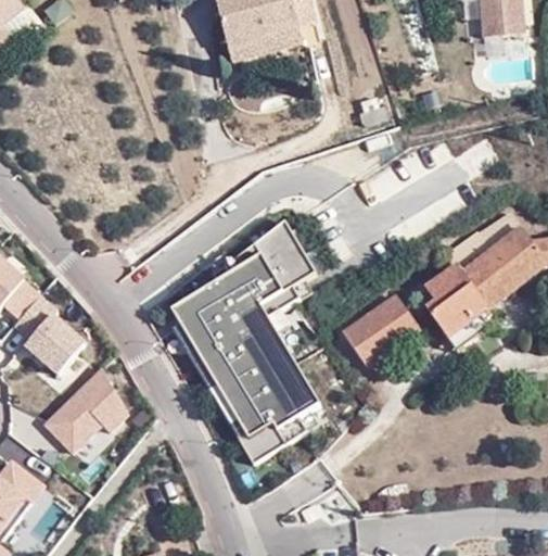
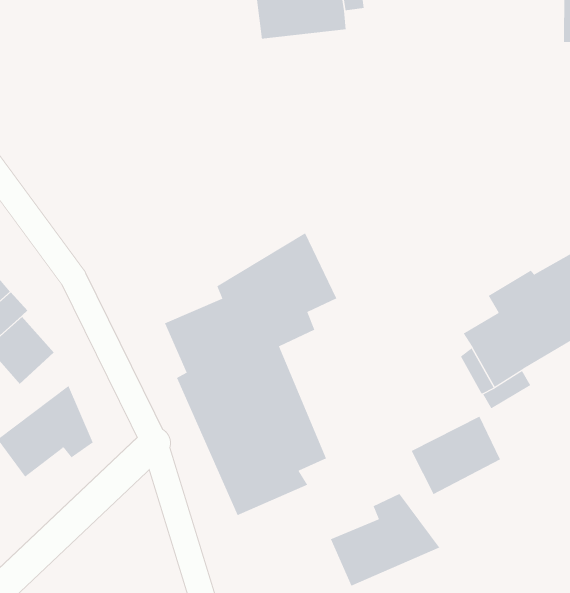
building: [341,294,417,365] -> [411,416,501,495]
building: none -> [330,493,440,586]

